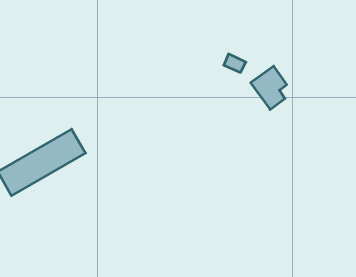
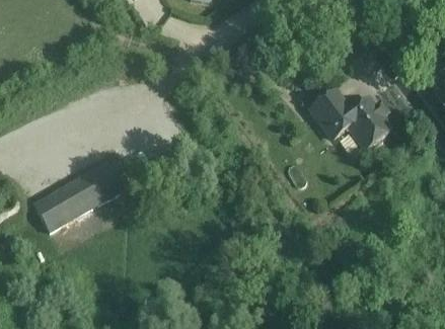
building: none -> [341,98,389,149]

